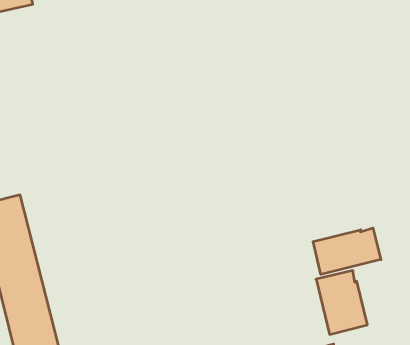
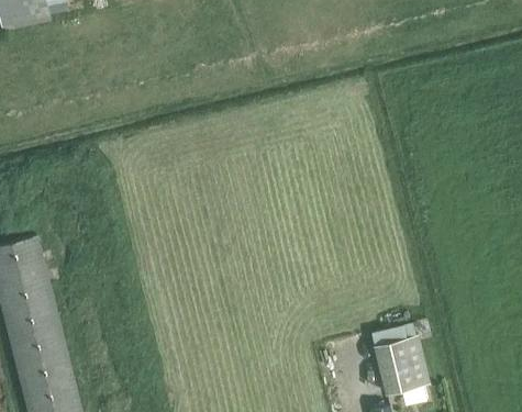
building: [313,228,381,274] -> none

